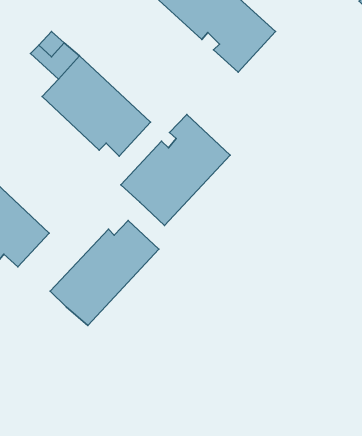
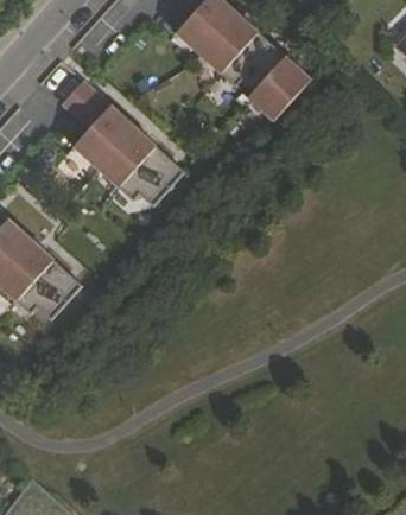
building: [121,114,230,225] -> none
building: [50,220,159,326] -> none

